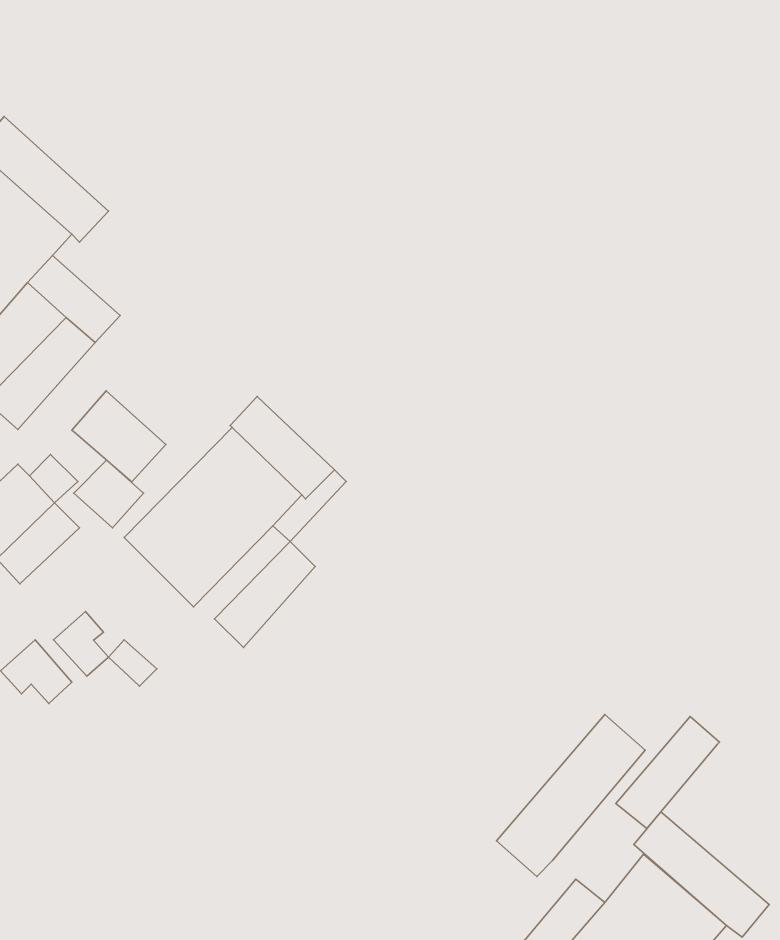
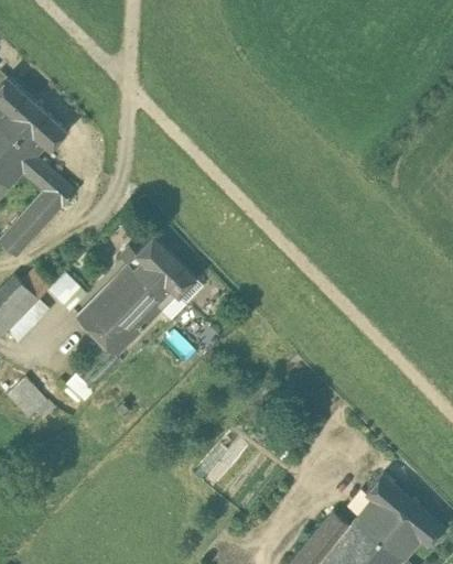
building: [72,391,166,482] -> none
building: [214,541,315,647] -> none
building: [53,611,109,676] -> none
building: [497,714,645,877] -> none
building: [616,717,719,829] -> none

